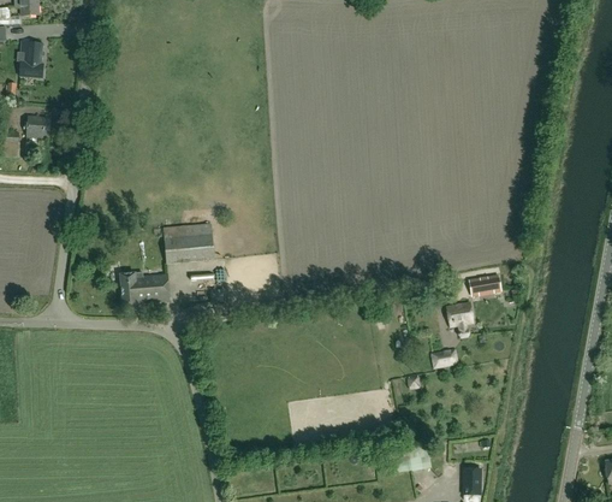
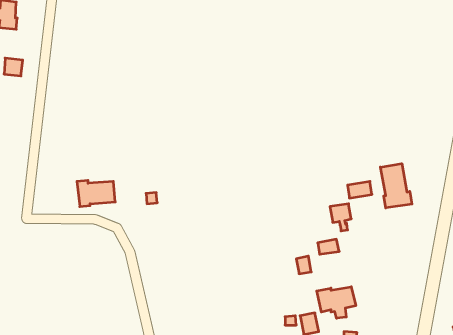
building: [164,222,214,261] -> none
building: none -> [380,164,412,208]
building: none -> [317,287,356,318]

